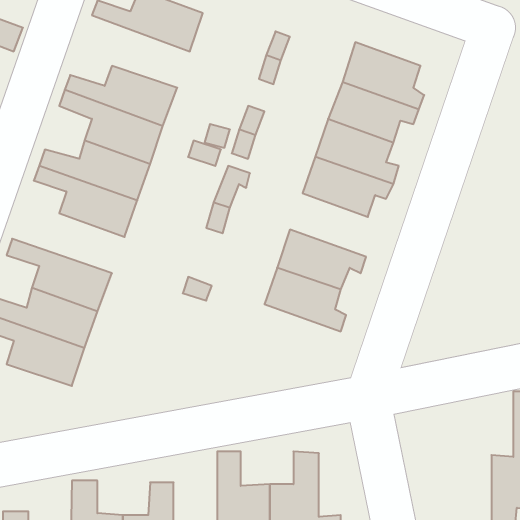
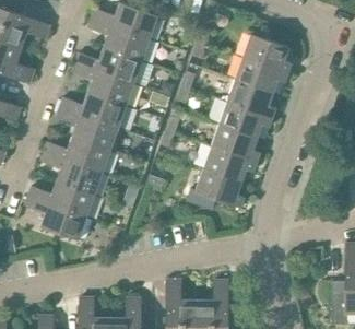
building: none -> [87,16,151,60]
building: none -> [211,124,261,162]
building: none -> [44,136,111,172]

